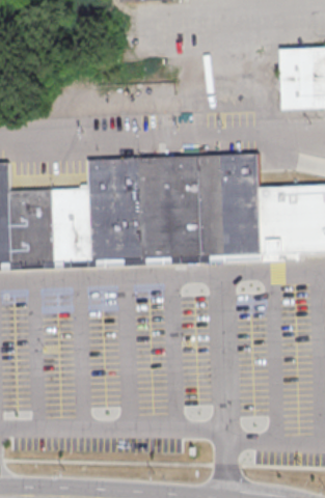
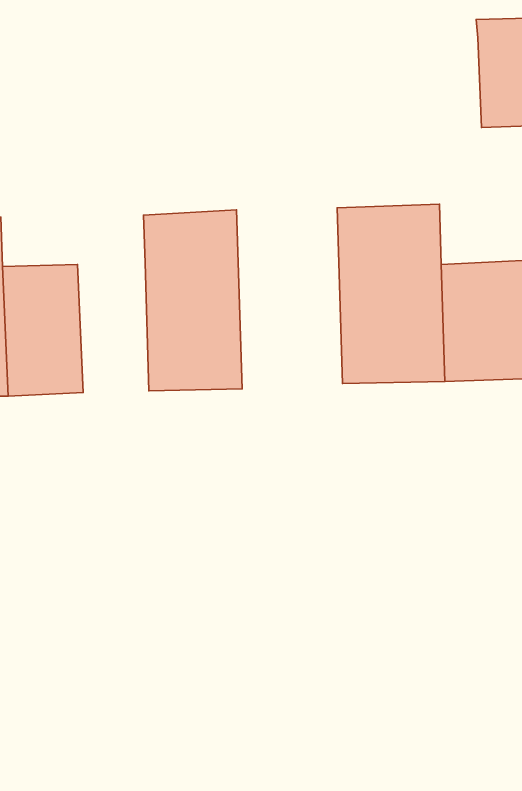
building: [142,156,202,258] -> none
building: [52,187,92,260] -> none

